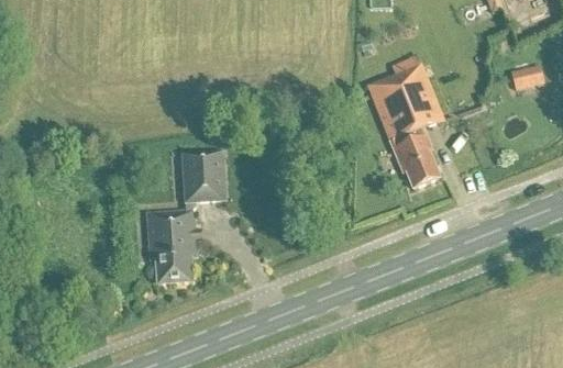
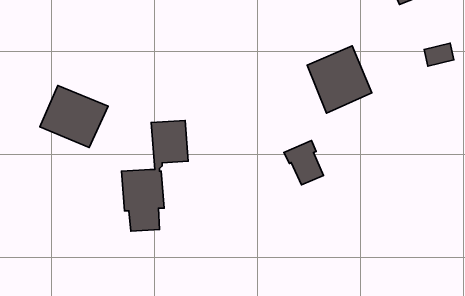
building: none -> [40,85,108,147]
building: [391,135,439,188] -> [284,141,324,185]

